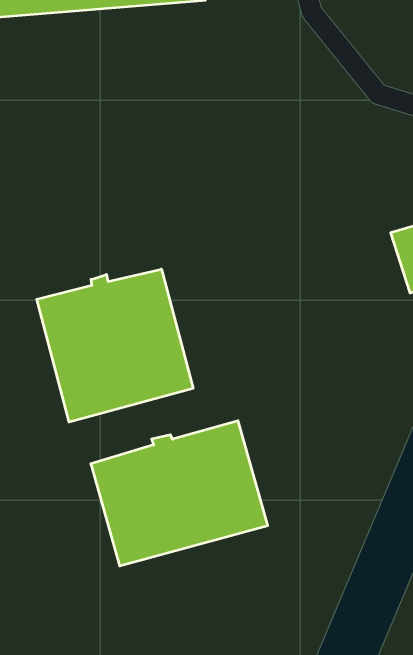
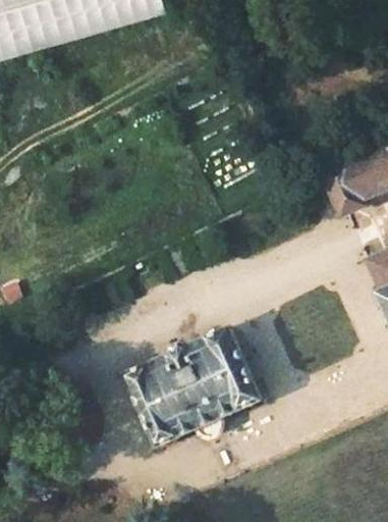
building: [37,269,193,422] -> none

